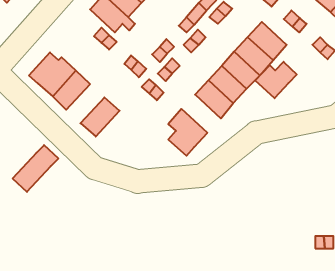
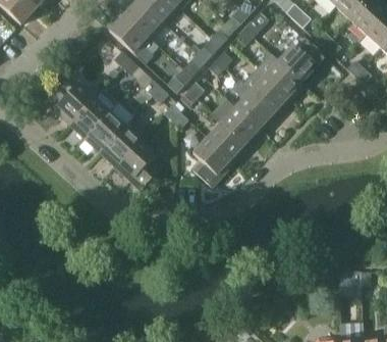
building: [255,62,297,98] -> none
building: none -> [206,120,247,161]
building: none -> [114,138,161,189]
building: [13,145,58,192] -> [82,101,131,151]

